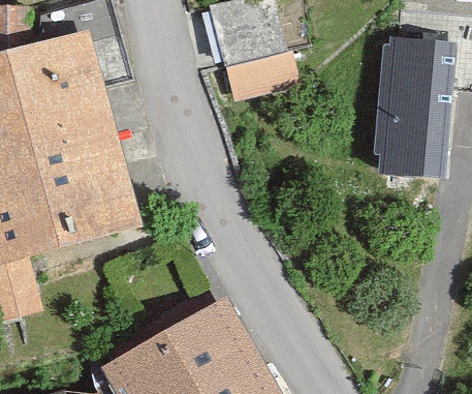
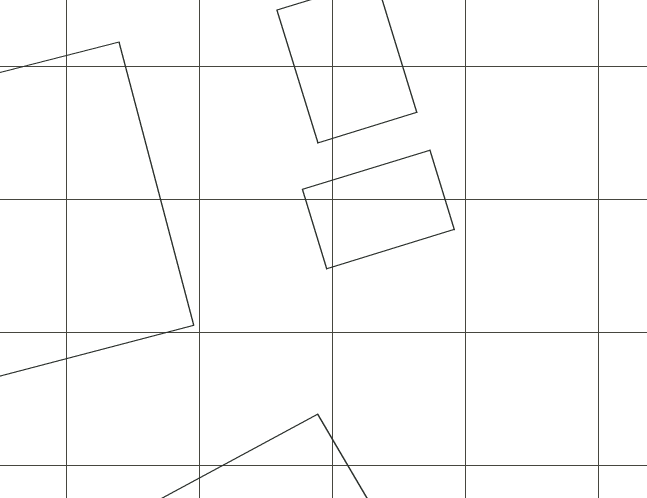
building: [375,28,453,169] -> none
building: none -> [302,150,454,269]

